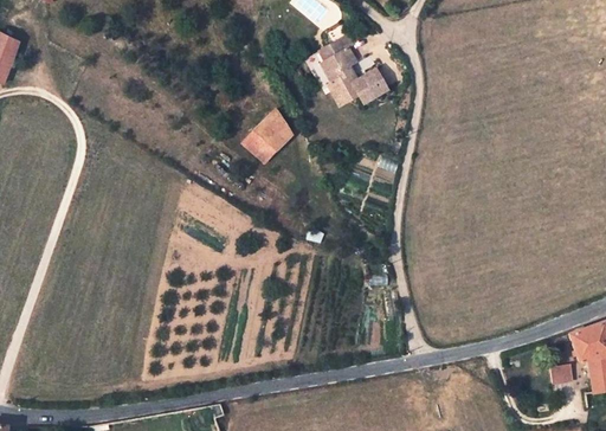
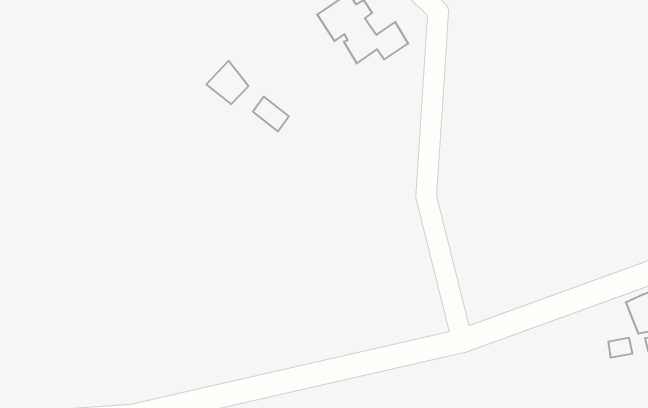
building: [254,109,292,148] -> [206,61,248,104]

